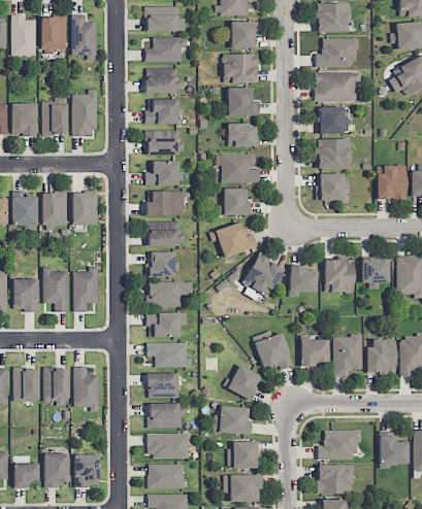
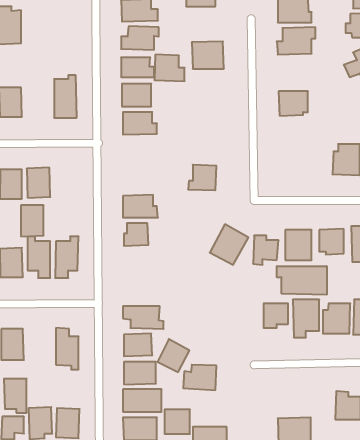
building: [71,14,97,60] -> none
building: [41,15,67,54] -> none
building: [231,21,258,47] -> none
building: [315,72,361,100] -> none
building: [226,87,259,115] -> [154,55,185,81]
building: [42,102,67,134] -> none
building: [227,124,257,146] -> none
building: [316,138,351,168] -> none
building: [222,154,260,181] -> none
building: [145,160,180,185] -> none
building: [318,173,345,200] -> none
building: [73,191,98,225] -> [21,205,44,236]
building: [145,191,186,215] -> none
building: [209,222,258,257] -> none
building: [149,281,193,306] -> none
building: none -> [277,266,327,295]
building: [148,312,187,337] -> none
building: [254,332,293,370] -> none
building: [227,364,262,400] -> [157,339,189,372]
building: [43,368,68,405] -> [4,379,27,413]
building: [318,430,361,459] -> none
building: [229,441,257,468] -> [165,409,190,434]

